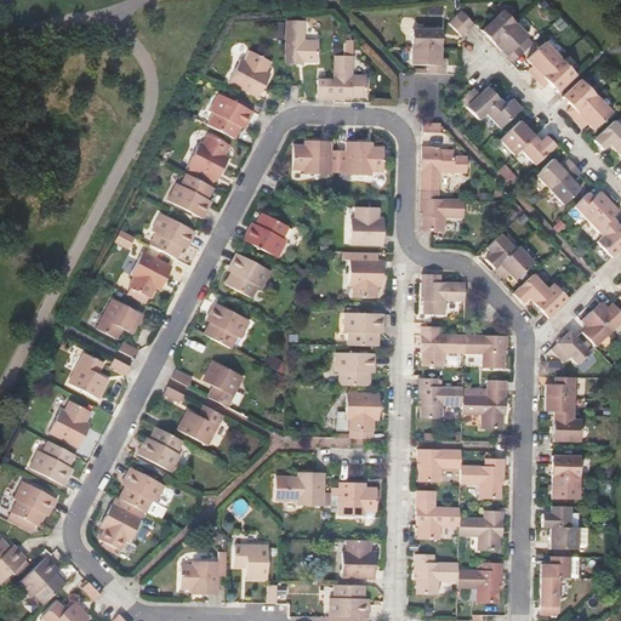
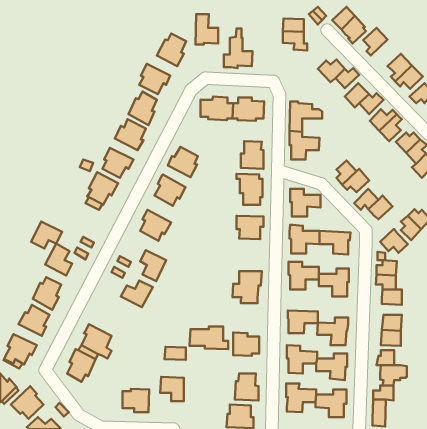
building: [539,57,579,91] -> none
building: [97,298,142,337] -> [31,222,62,249]
building: [337,352,375,386] -> none
building: [138,427,183,472] -> none
building: none -> [165,347,186,360]

